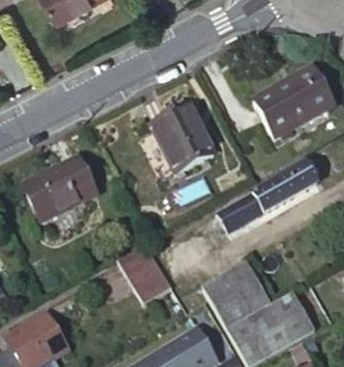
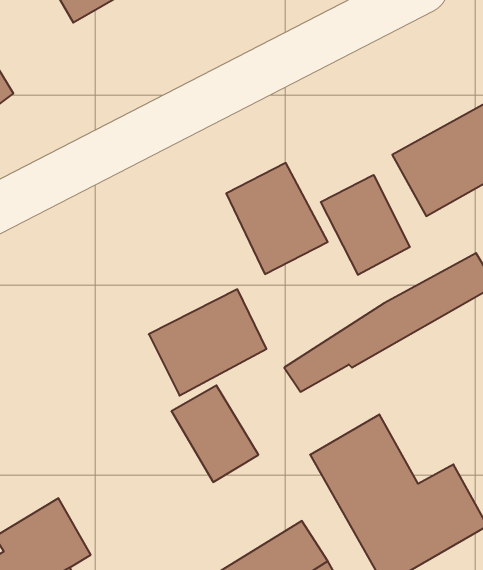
building: none -> [321,175,410,275]
building: [23,155,96,222] -> [149,289,266,396]

